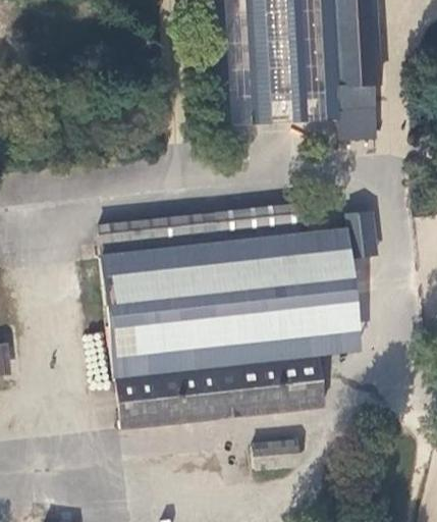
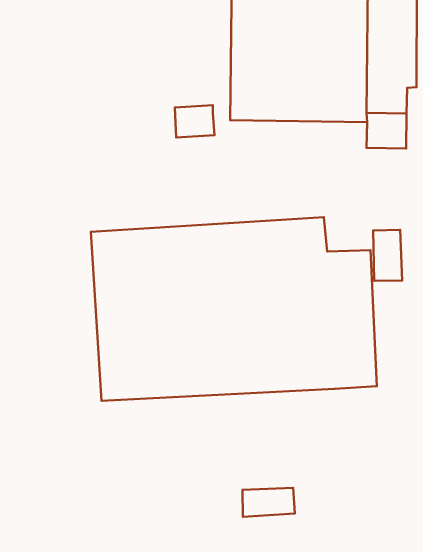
building: none -> [175,105,215,138]
building: [121,353,330,431] -> none

